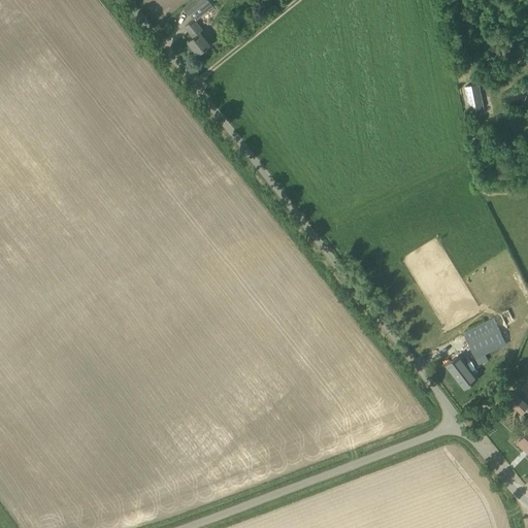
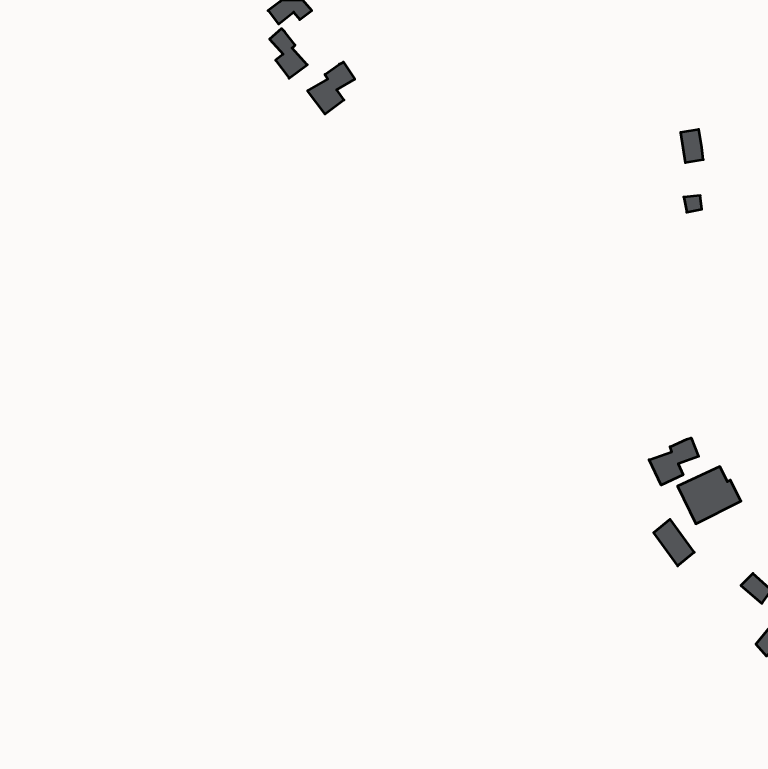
building: none -> [308,62,355,114]
building: none -> [649,438,699,485]

